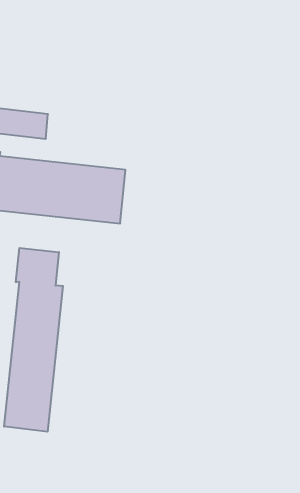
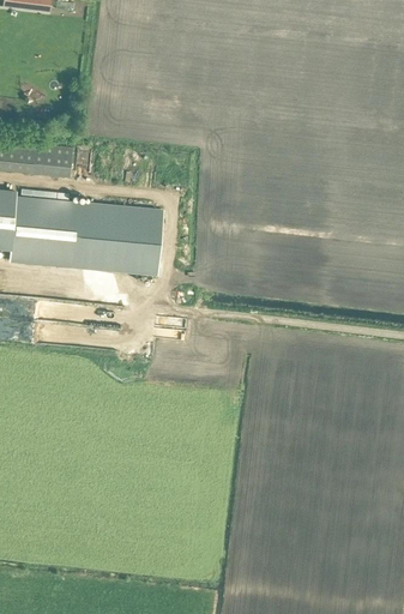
building: [4,248,63,432] -> none

